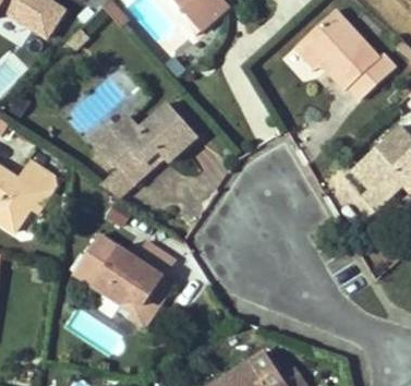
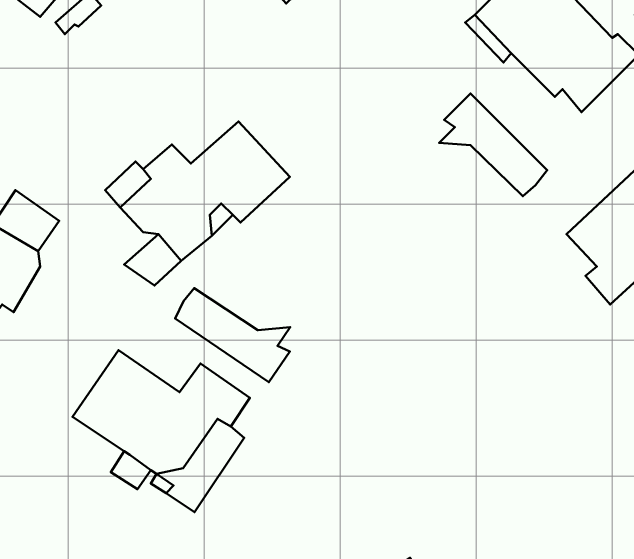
building: none -> [439,94,547,196]
building: none -> [175,288,290,382]

